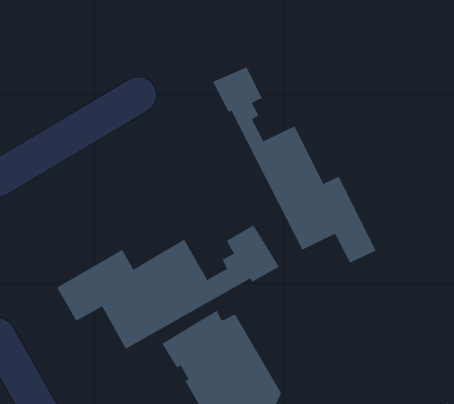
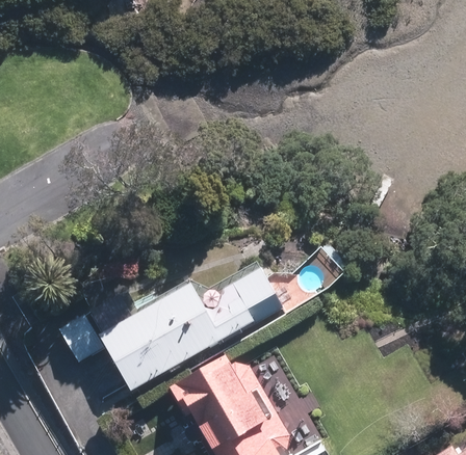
building: [212,67,377,263] -> none

